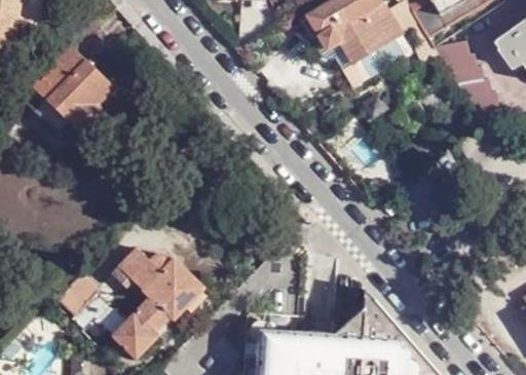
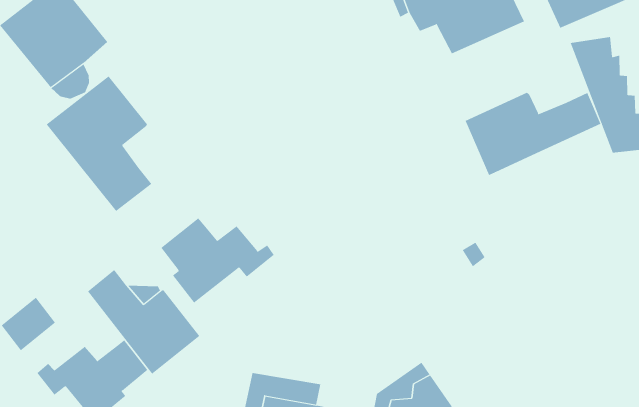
building: none -> [465,92,601,176]
building: none -> [46,76,152,212]
building: none -> [161,217,275,303]

